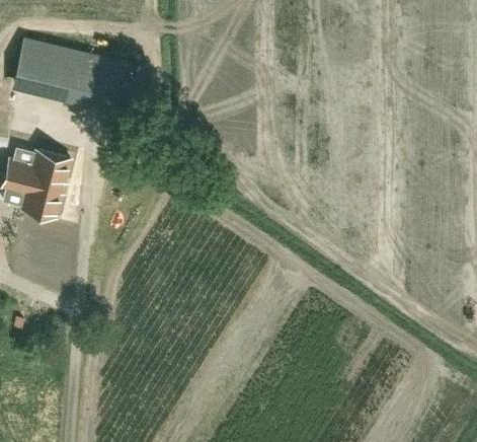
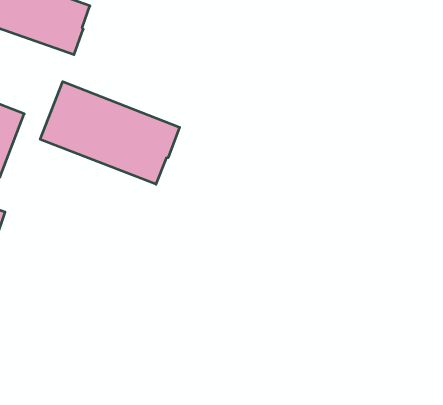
building: none -> [40,82,180,184]

